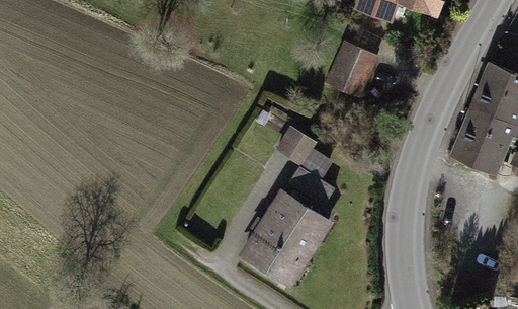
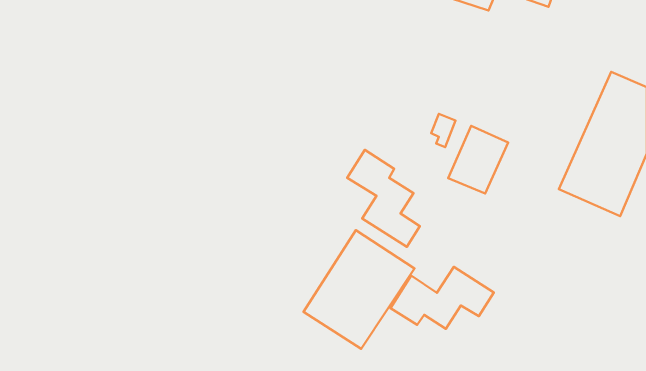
building: [329,41,376,94] -> [448,126,508,193]
building: none -> [390,267,494,329]

